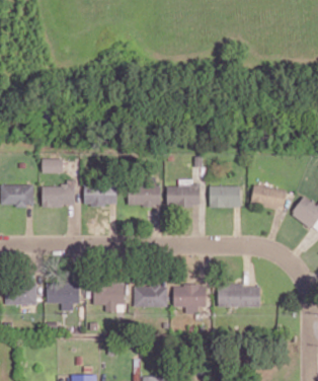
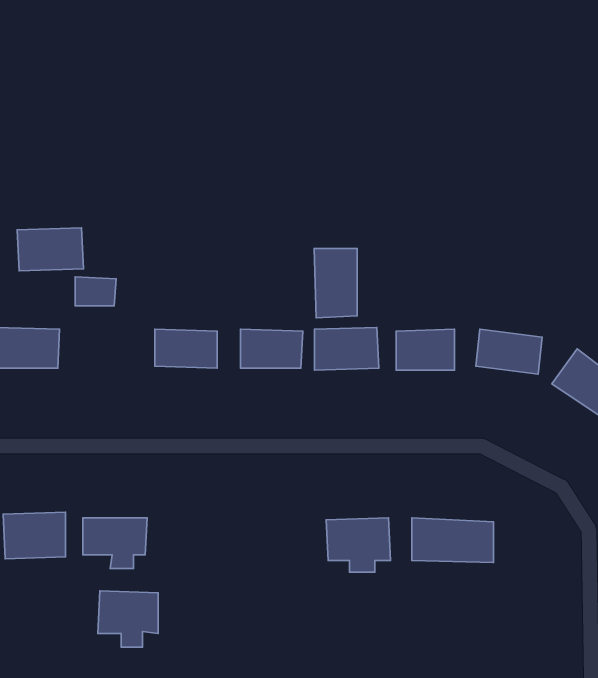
building: none -> [314,249,357,318]
building: [42,184,76,207] -> [17,228,83,271]
building: [93,283,125,312] -> [98,591,158,647]
building: [135,286,168,307] -> none

